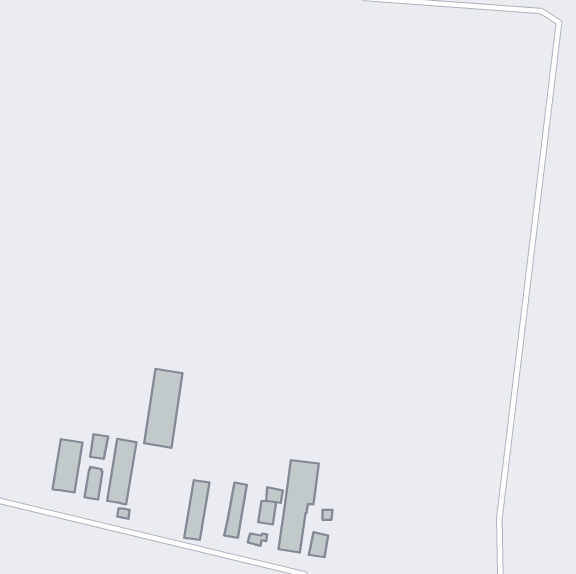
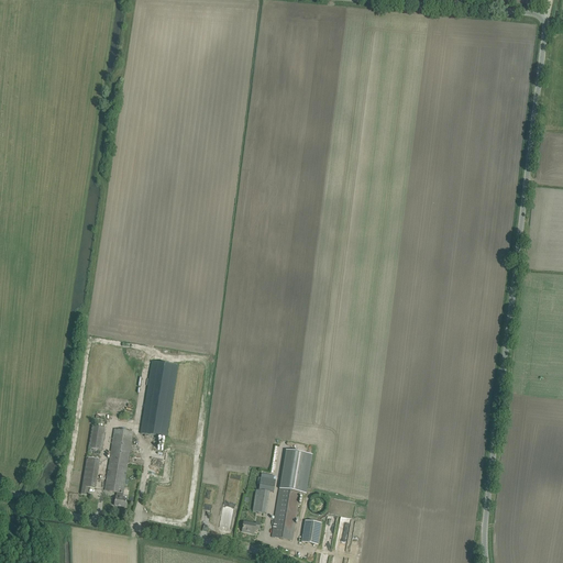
building: [53,439,83,492] -> none
building: [184,480,210,540] -> none

